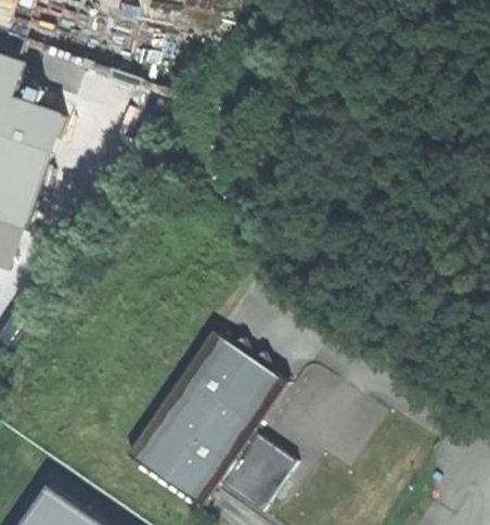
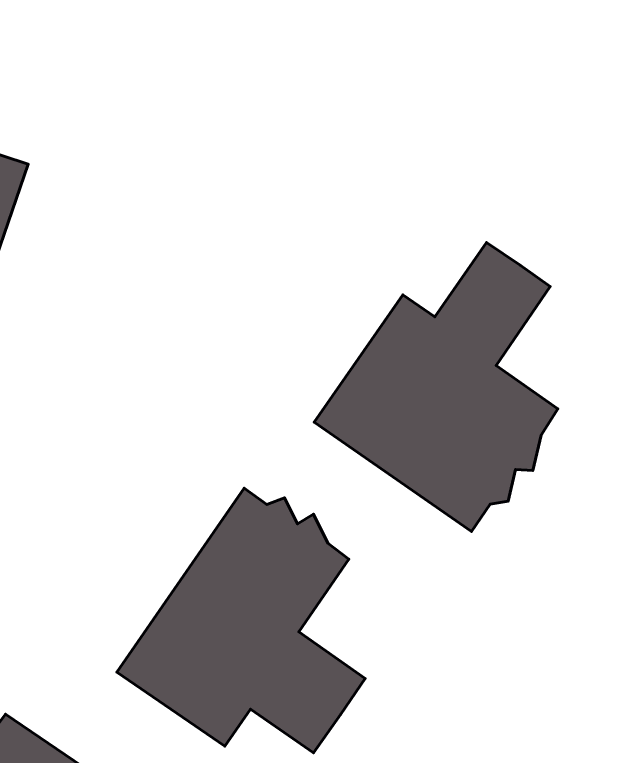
building: none -> [314,242,558,531]

